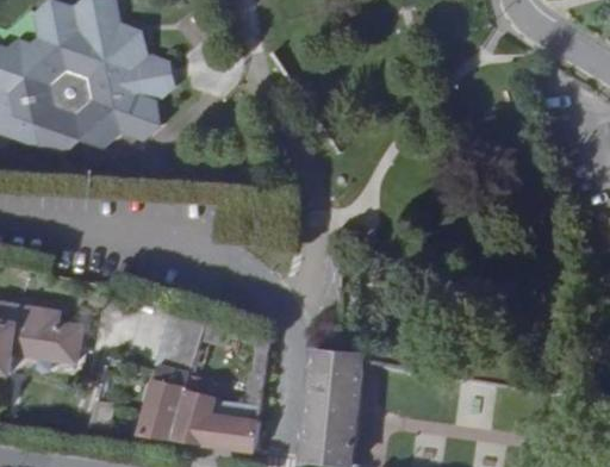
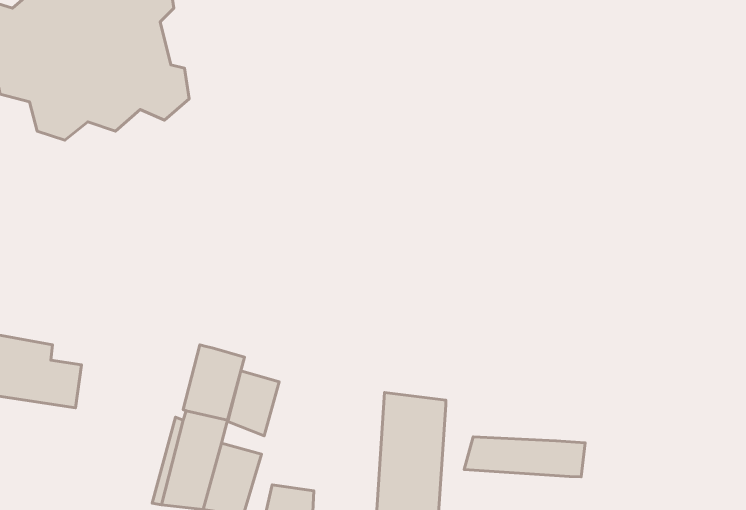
building: [138,52,176,99] -> none
building: none -> [228,371,279,436]
building: none -> [464,437,585,477]

